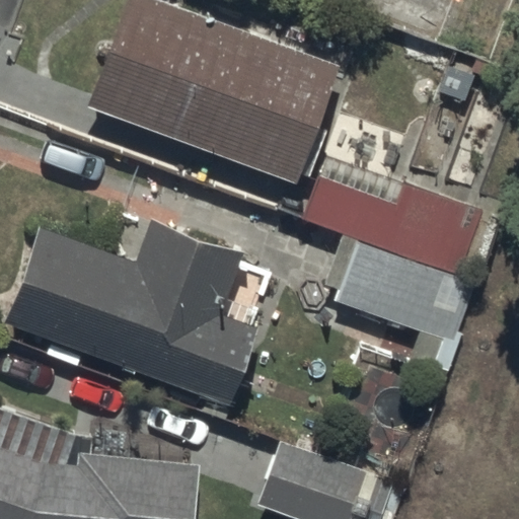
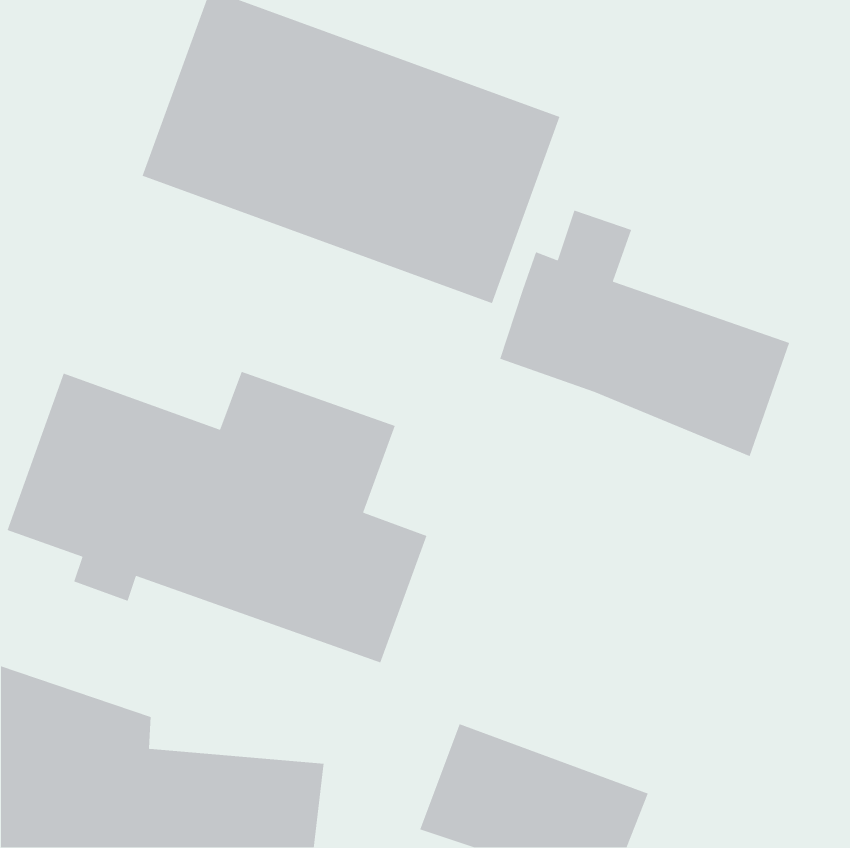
building: [342,239,473,339] -> none

